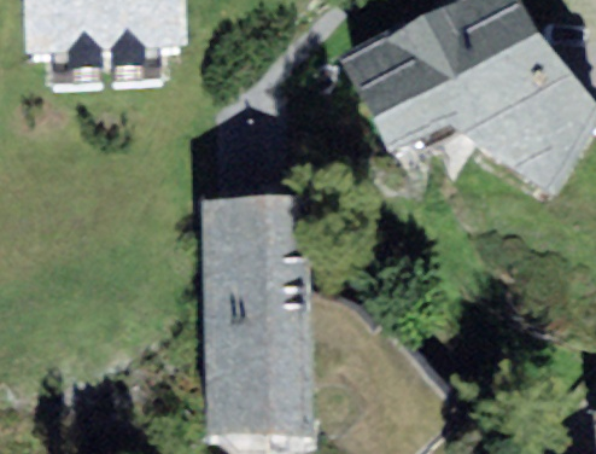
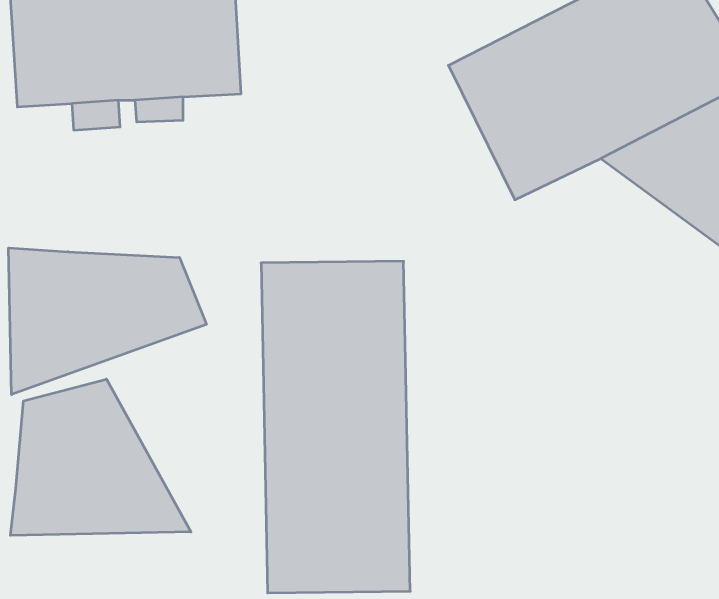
building: none -> [9,248,206,395]
building: none -> [10,379,191,535]

